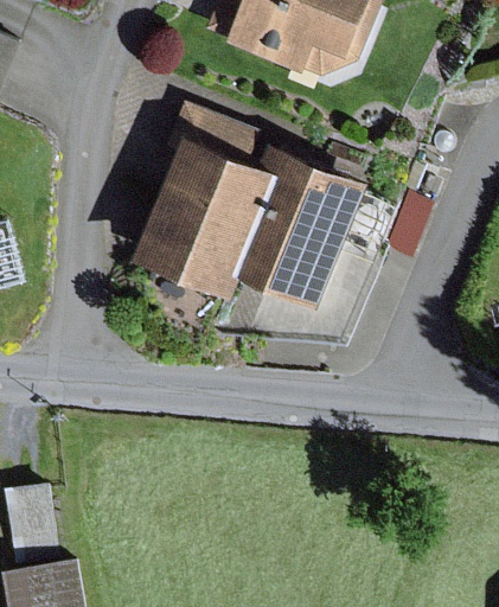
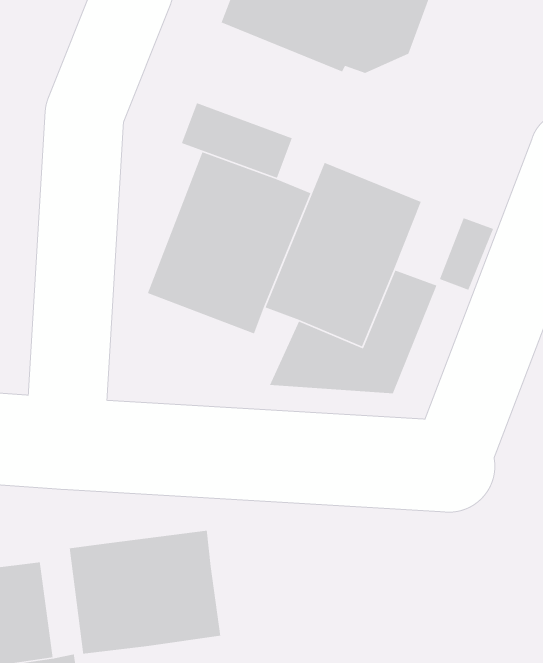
building: none -> [69,530,221,654]

